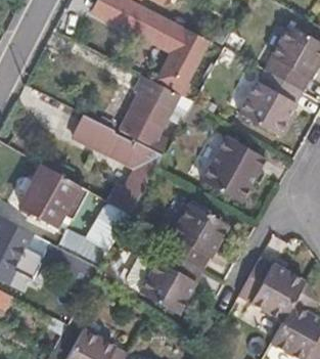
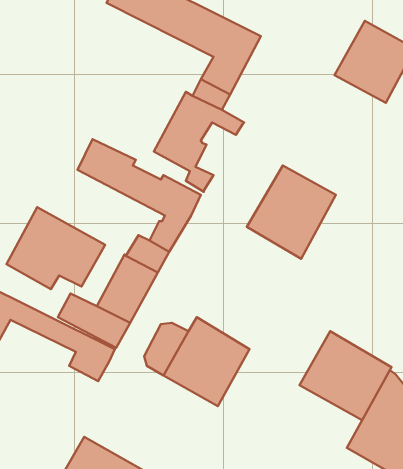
building: [239,66,300,129] -> none
building: [161,200,224,268] -> none

